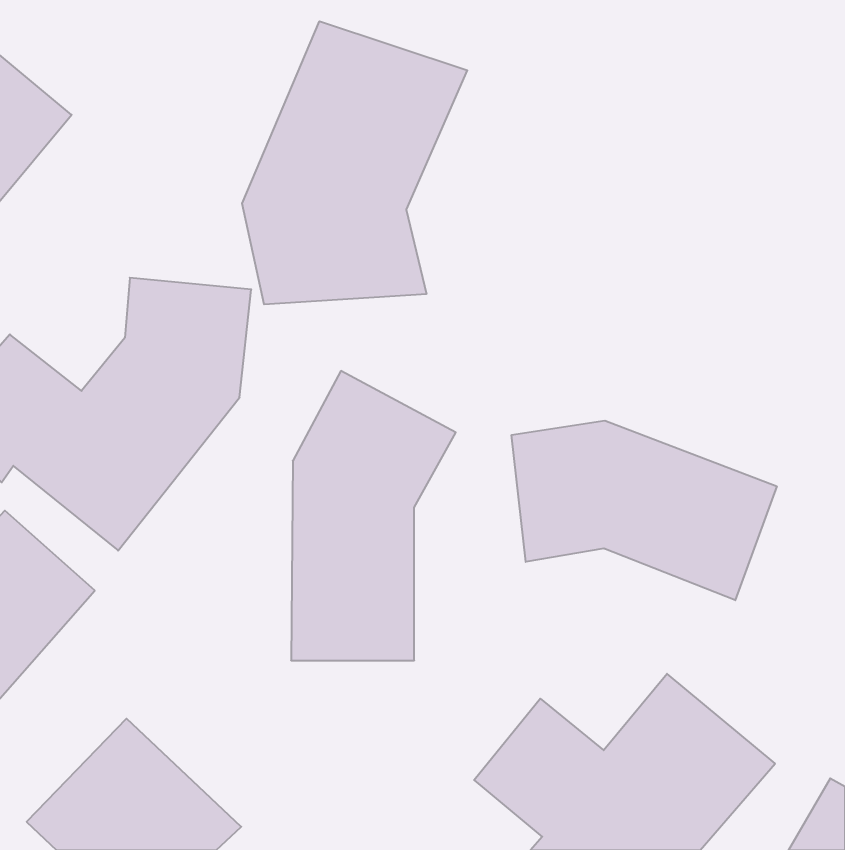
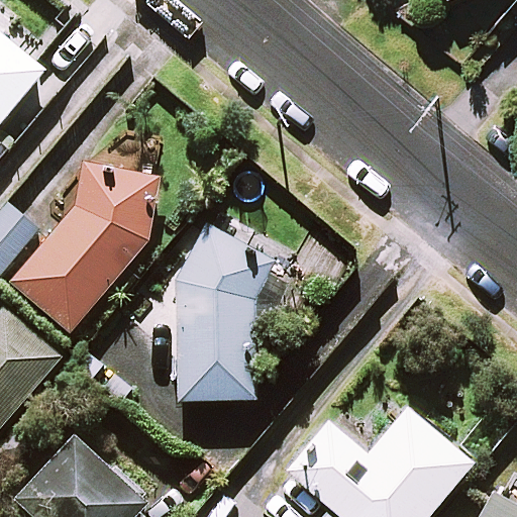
building: [242,21,467,304] -> none
building: [512,421,777,600] -> none

